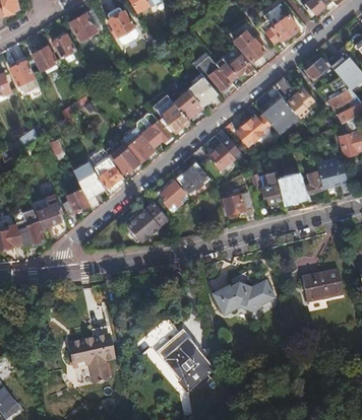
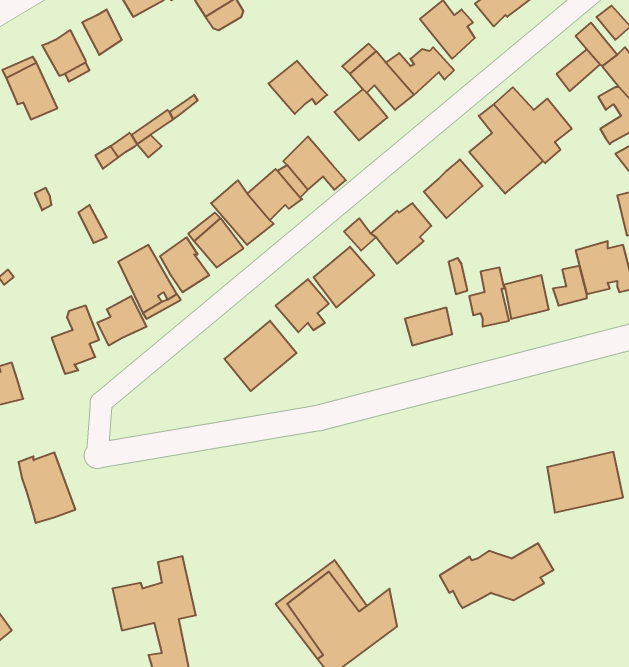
building: [173,89,204,118] -> [268,61,327,114]
building: [13,209,44,247] -> [18,453,75,523]
building: [214,277,275,311] -> [440,543,554,608]

